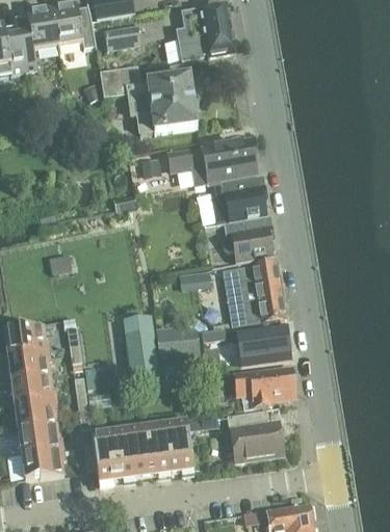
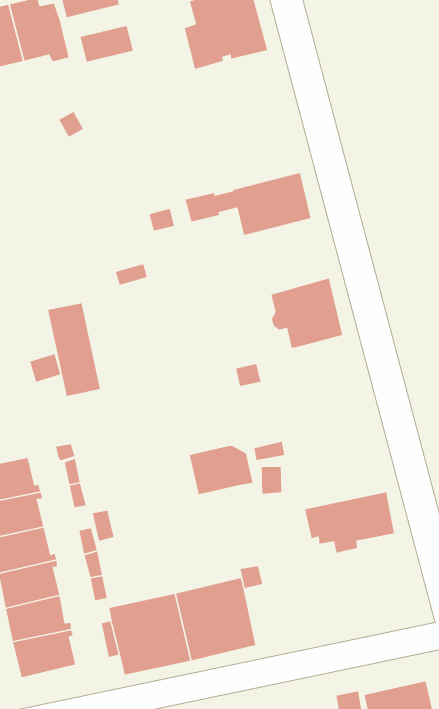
building: [102,68,198,132] -> none
building: [209,175,265,223] -> none
building: [224,260,286,325] -> none
building: [126,317,159,382] -> [47,302,101,397]
building: [236,324,291,366] -> none
building: [228,409,283,461] -> none

